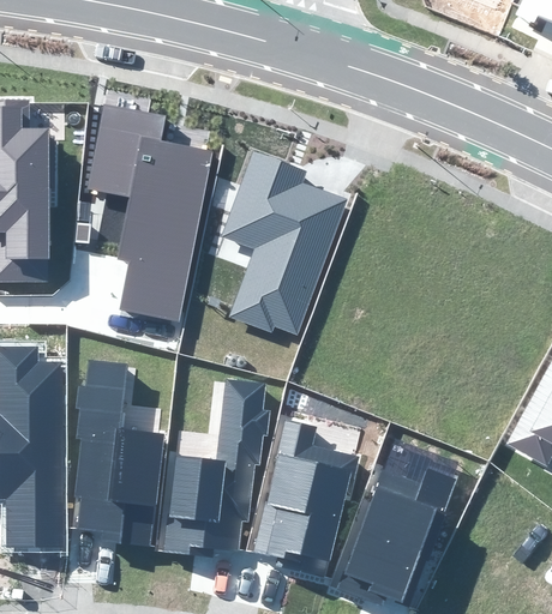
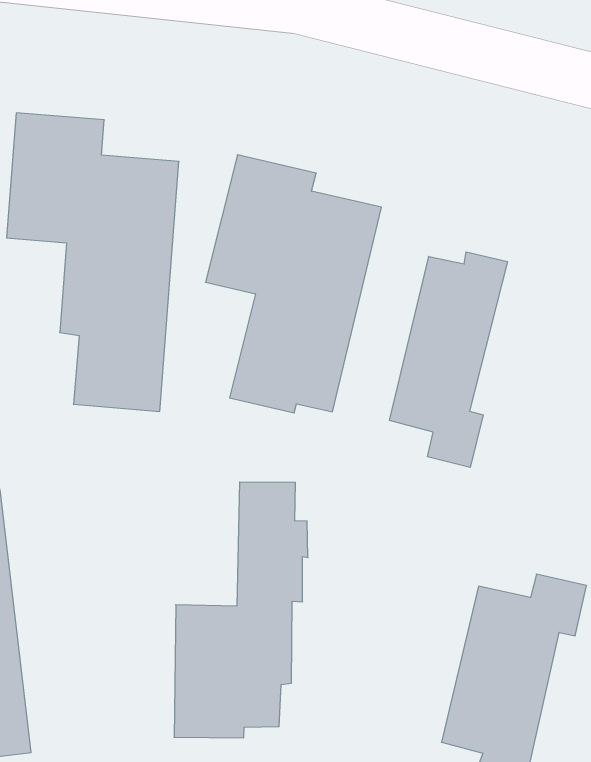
building: none -> [389,252,507,467]
building: [73,361,162,544] -> none
building: [253,422,356,560] -> none

